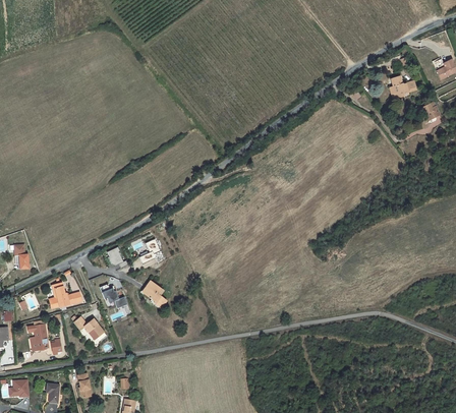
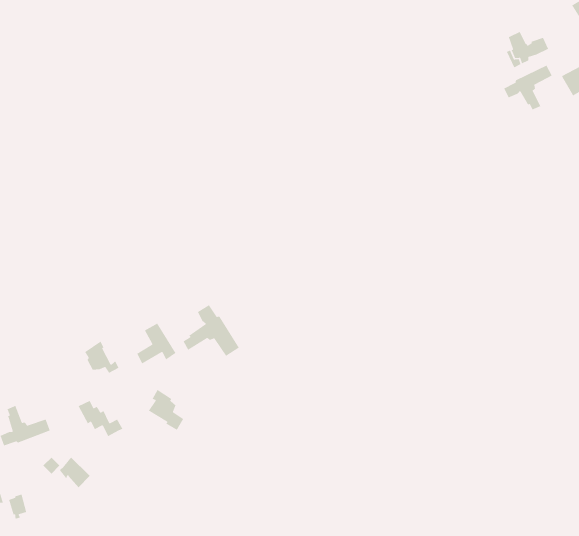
building: none -> [503,65,553,111]
building: none -> [183,304,240,357]

